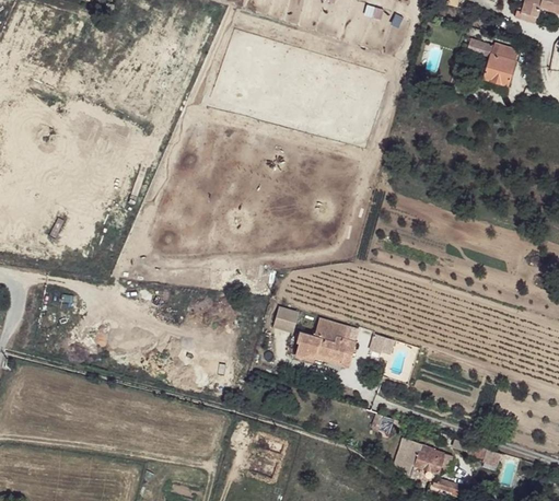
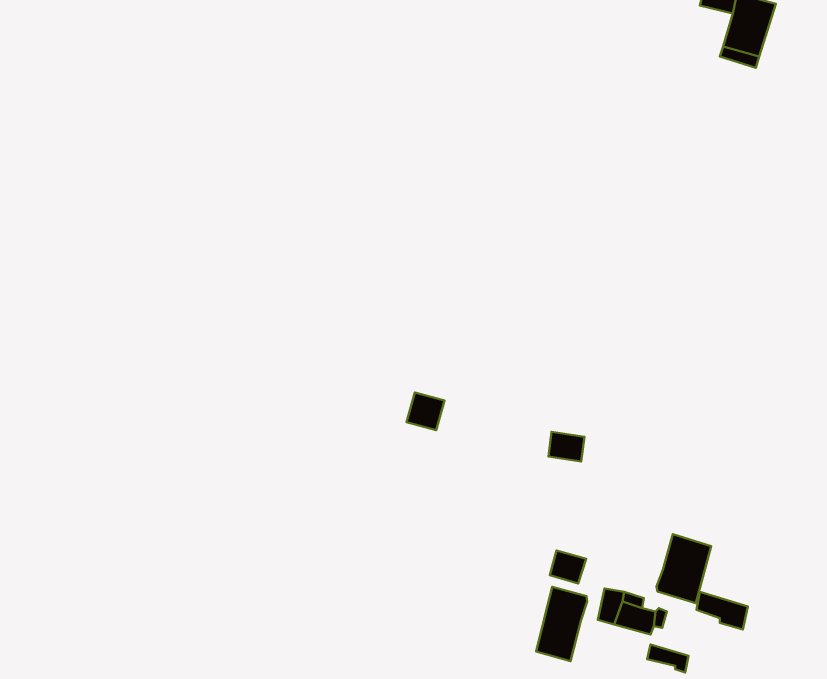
building: [295,321,356,368] -> none
building: none -> [656,534,711,603]
building: none -> [536,587,587,661]

